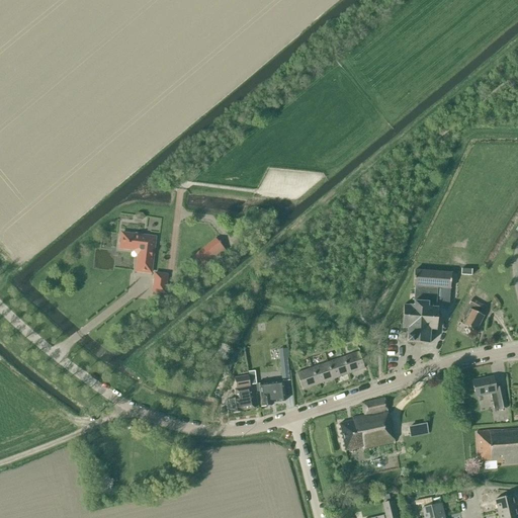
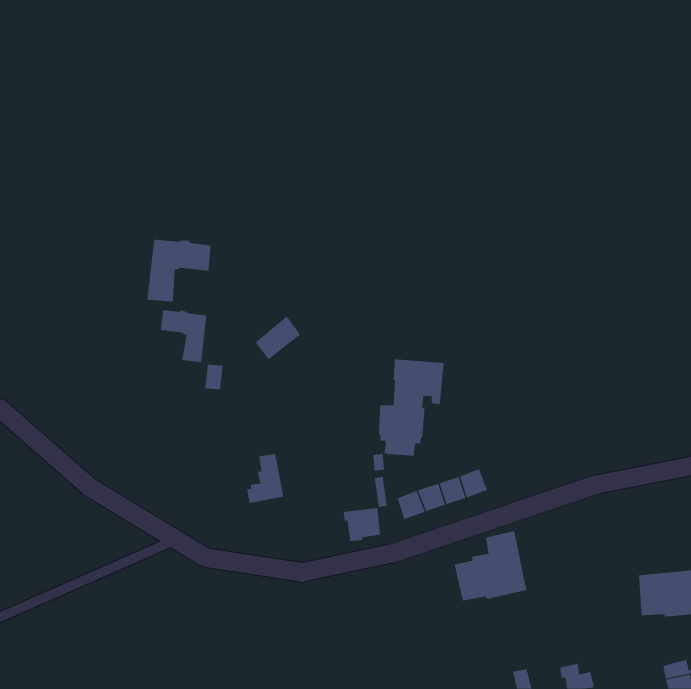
building: none -> [147,239,211,303]
building: [403,269,452,342] -> [378,359,444,456]
building: [462,297,485,330] -> none
building: [227,374,255,412] -> [246,453,284,504]
building: [473,375,507,409] -> none

